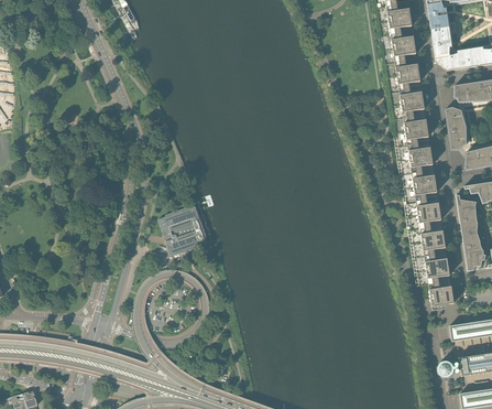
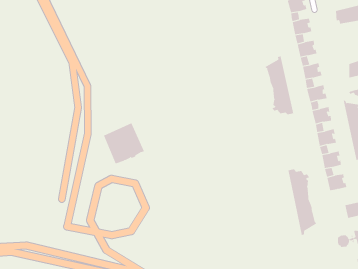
building: [446,107,467,149] -> none
building: none -> [265,55,294,115]
building: none -> [288,169,317,236]

